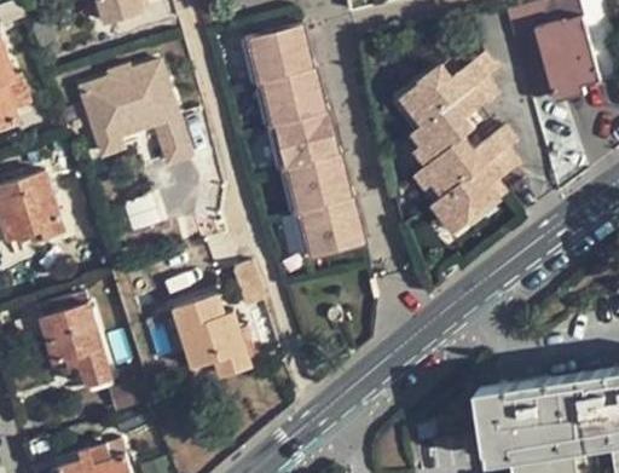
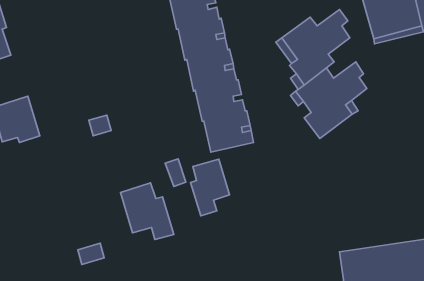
building: [80,59,196,165] -> none
building: none -> [191,159,229,216]
building: [44,304,112,382] -> none

